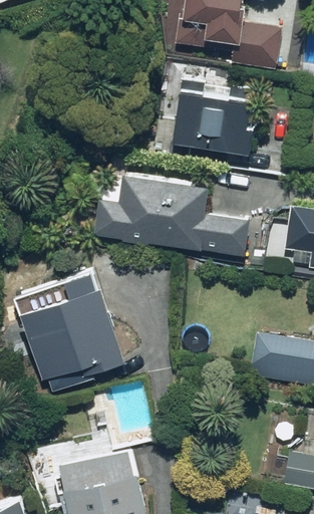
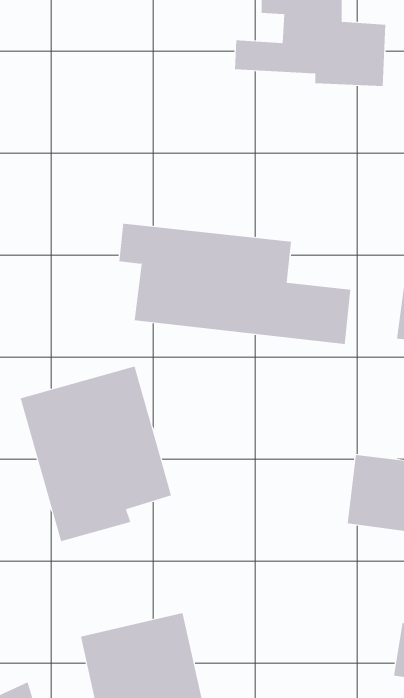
building: [173,81,258,162] -> none

